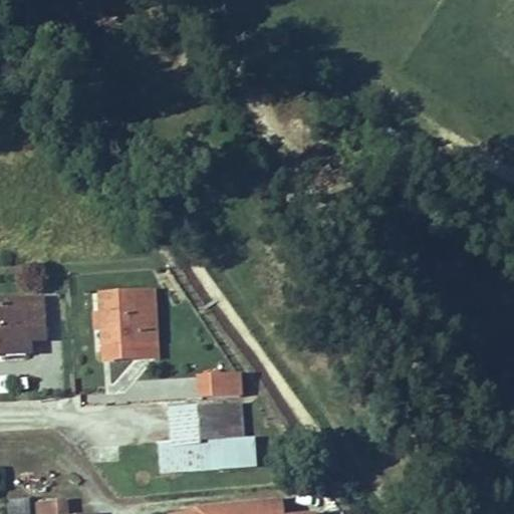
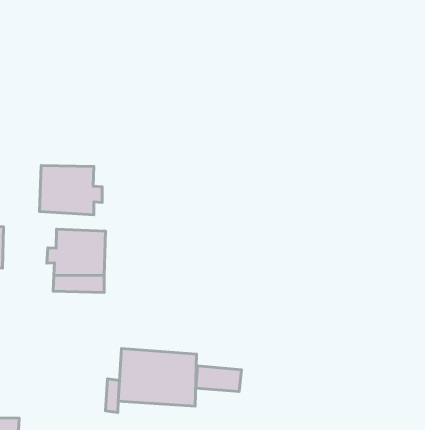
building: none -> [40,165,102,215]
building: [196,380,243,406] -> [196,366,242,391]

